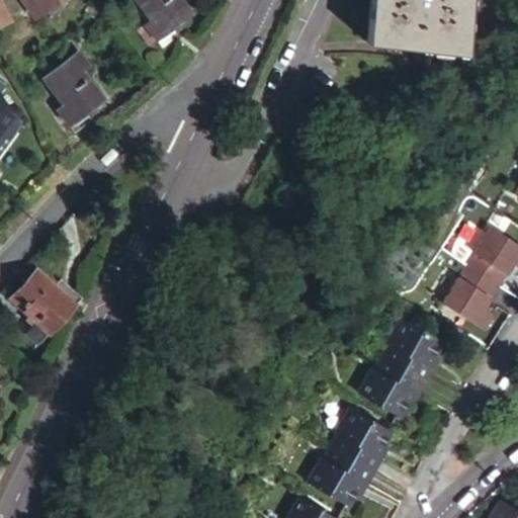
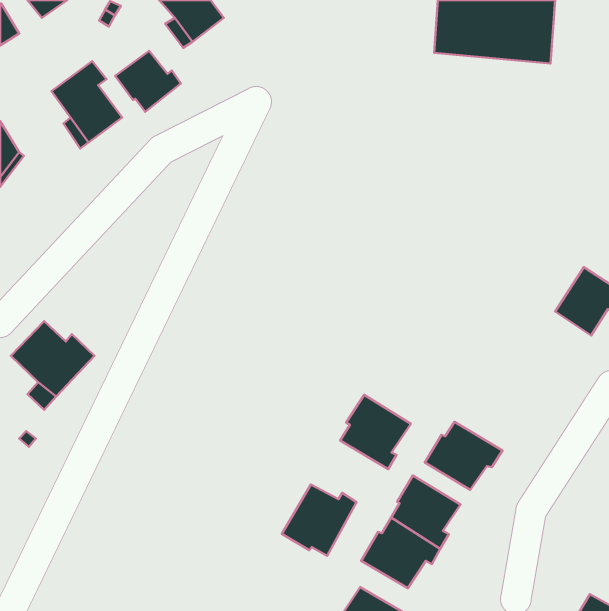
building: none -> [115,51,181,112]
building: [447,264,502,327] -> none
building: [386,319,446,381] -> [340,395,411,469]
building: none -> [282,485,357,556]

